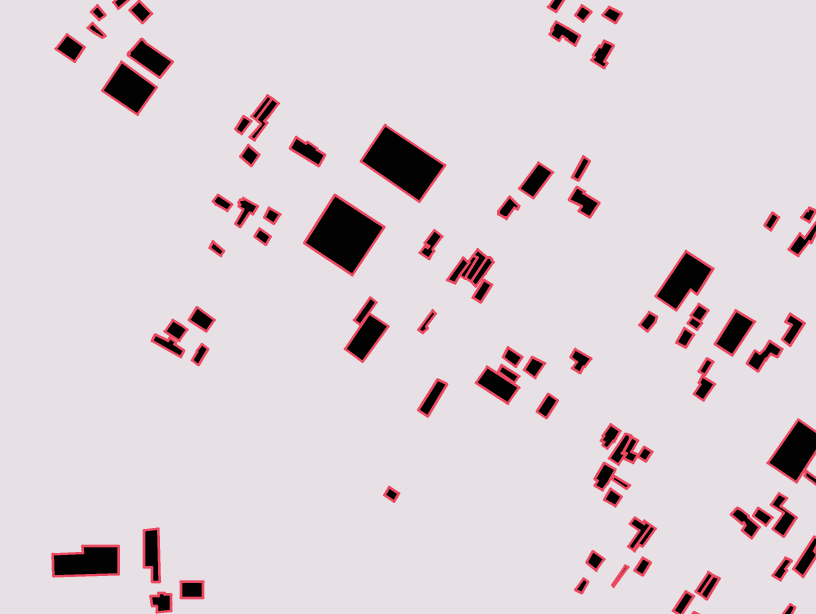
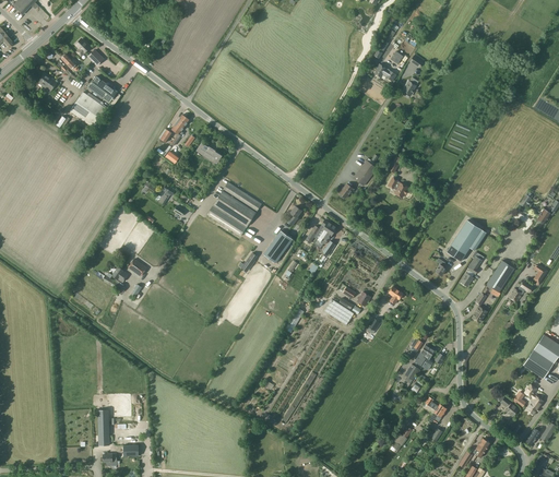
building: [361,125,445,202] -> none
building: [345,314,388,362] -> [263,230,293,263]
building: [53,546,119,576] -> none

